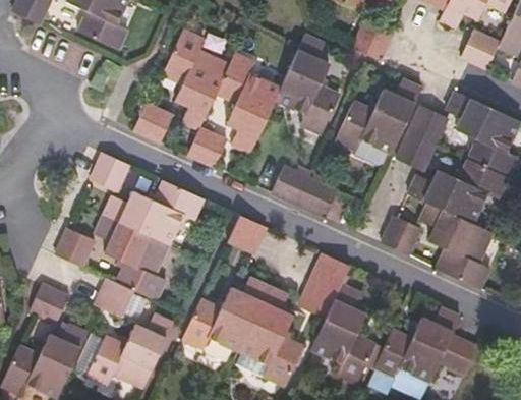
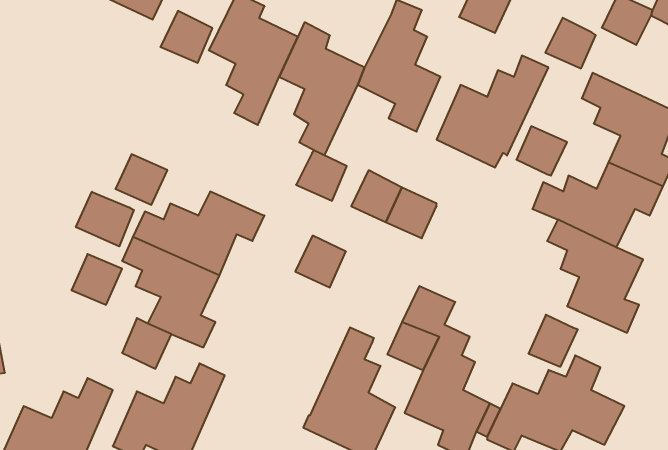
building: [133,103,173,142] -> [160,11,212,63]
building: [408,105,447,144] -> [545,18,596,68]
building: [187,128,226,167] -> [296,150,347,201]
building: none -> [76,192,134,246]
building: [383,216,420,255] -> [528,315,578,367]
building: [182,276,270,352] -> none
building: [31,283,72,325] -> none

